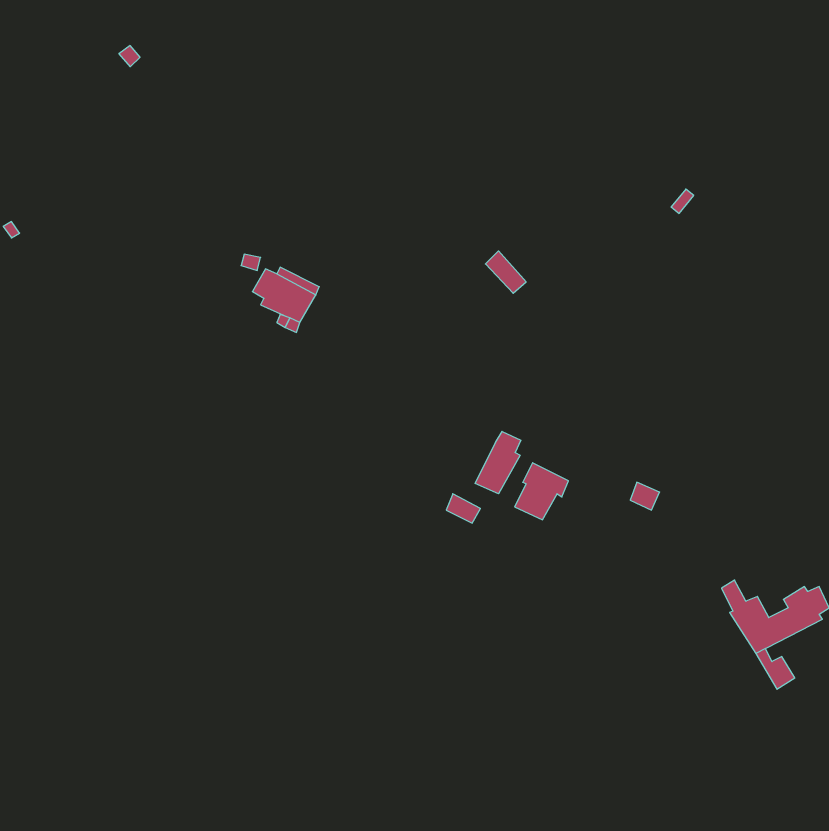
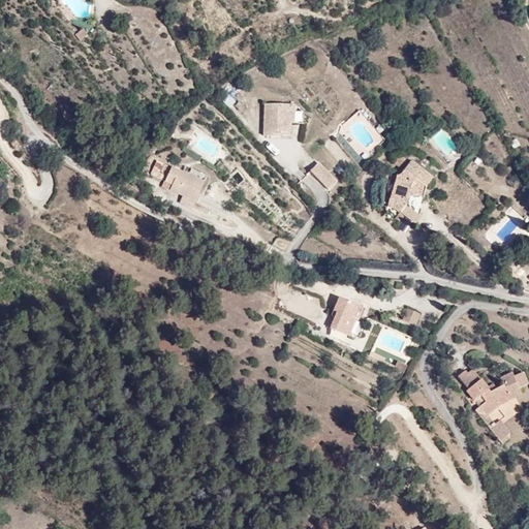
building: none -> [264,111,294,143]
building: none -> [394,157,433,217]
building: [475,431,521,494] -> none

